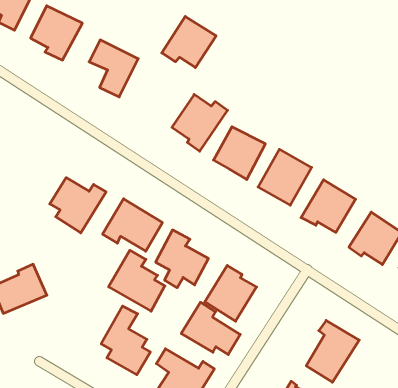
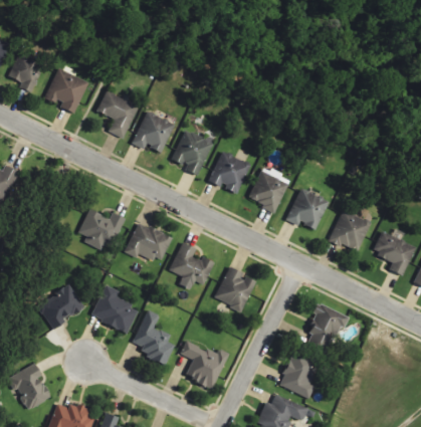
building: [162,16,216,68] -> [131,111,174,152]
building: [109,250,165,311] -> [90,284,137,333]
building: [181,302,240,355] -> none

